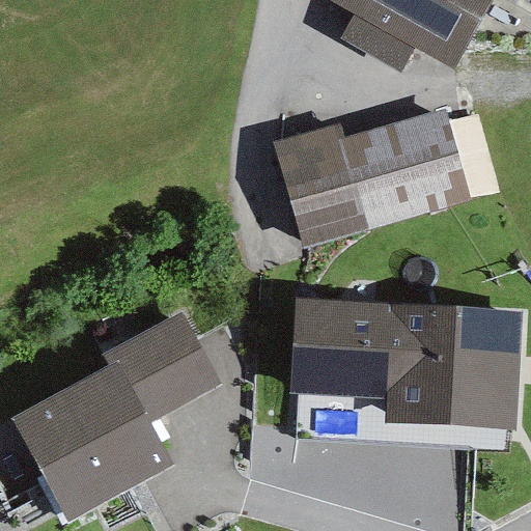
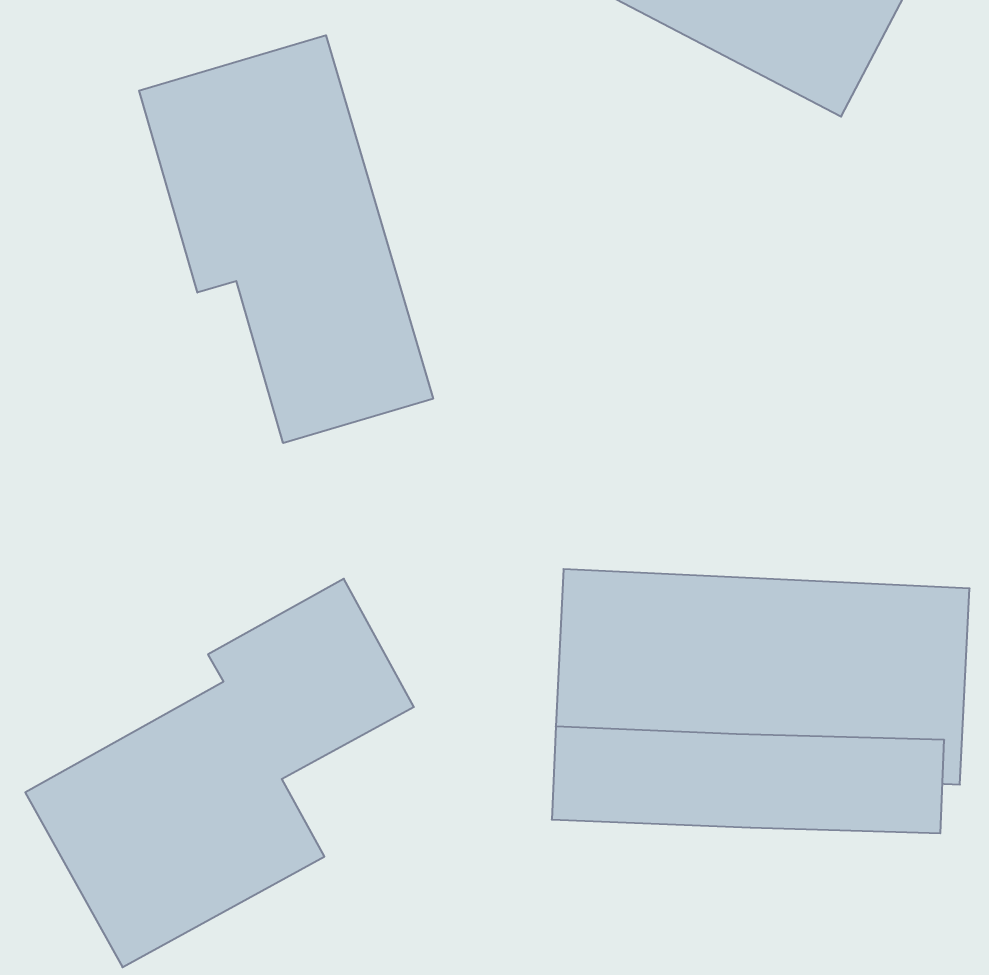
building: none -> [139,35,433,443]
building: [275,106,474,244] -> none

